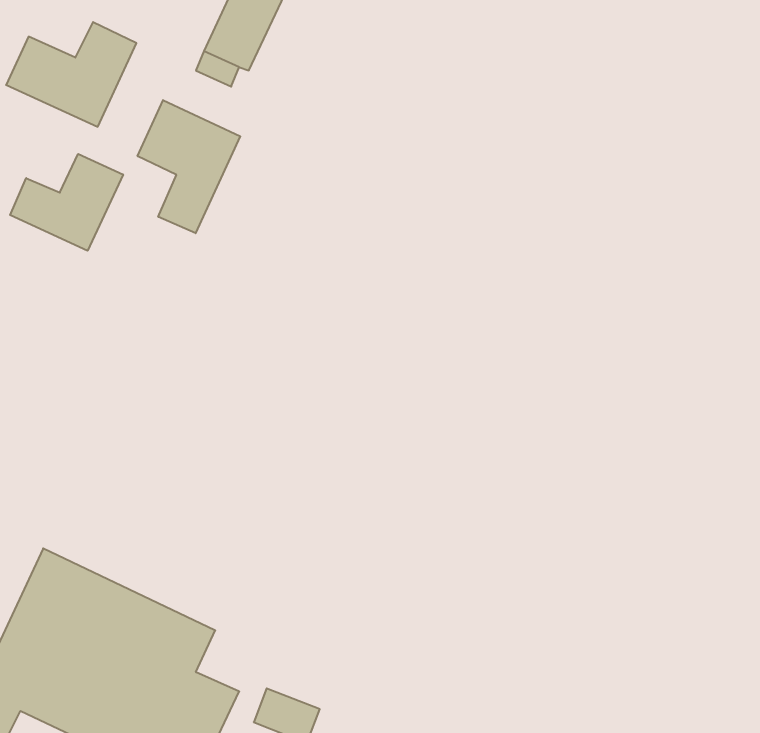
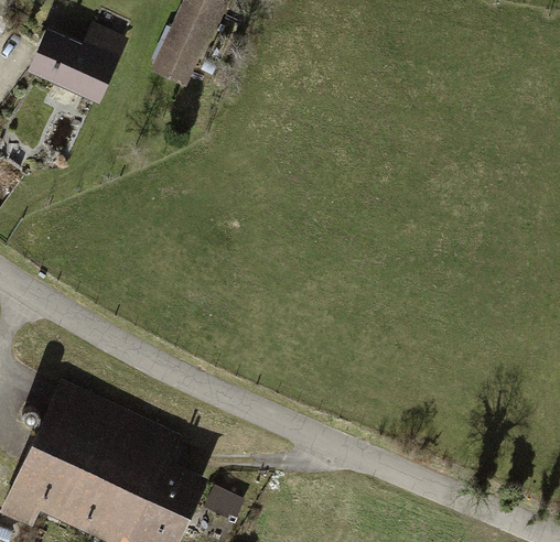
building: [138,100,240,233] -> none
building: [10,154,123,251] -> none

